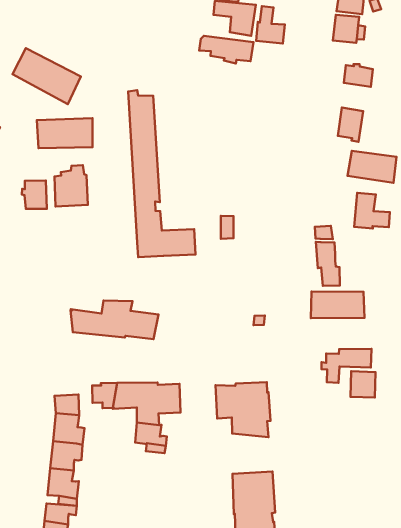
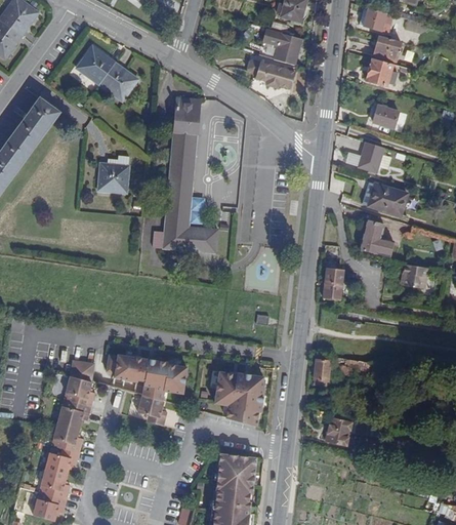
building: [256,6,285,43] -> none
building: [37,118,93,148] -> none
building: [22,181,47,209] -> none
building: [311,292,365,318] -> none
building: [70,300,158,339] -> none
building: [350,371,375,398] -> [326,418,351,445]

